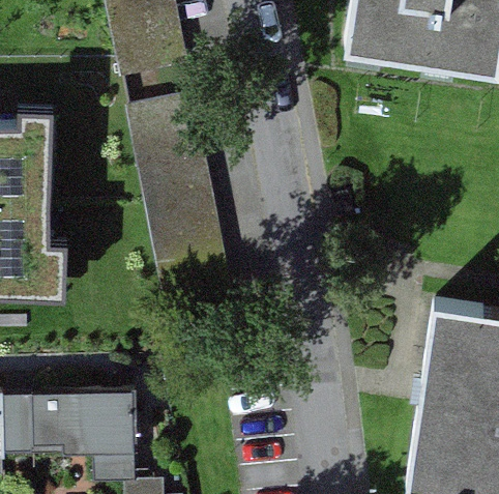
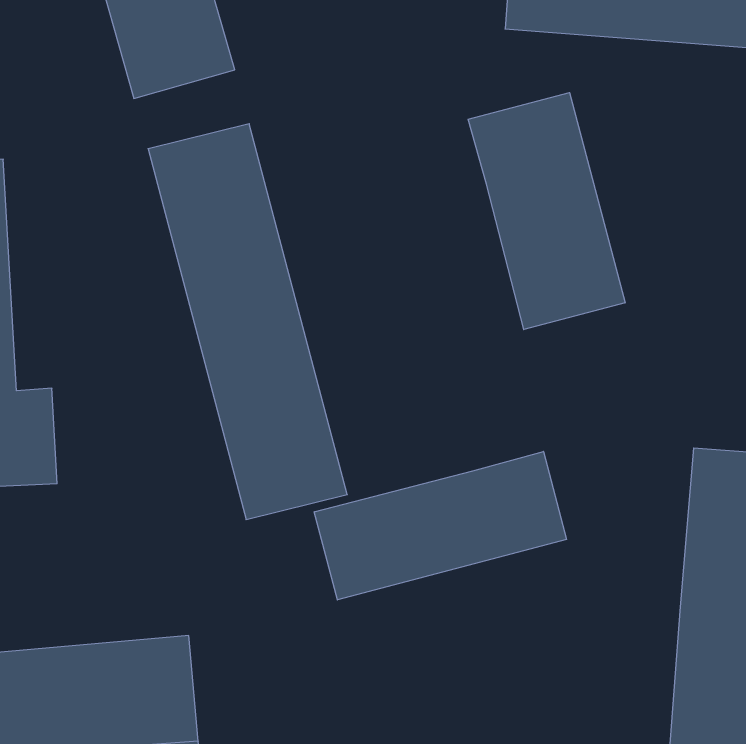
building: none -> [468,93,625,330]
building: none -> [314,451,567,600]

